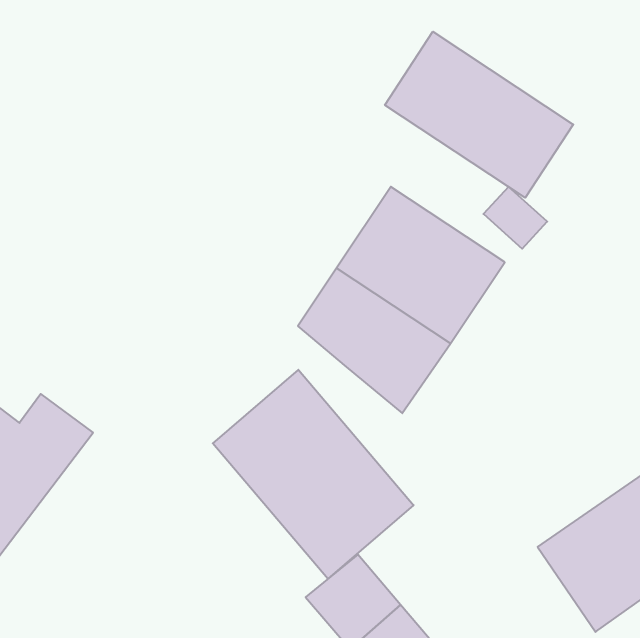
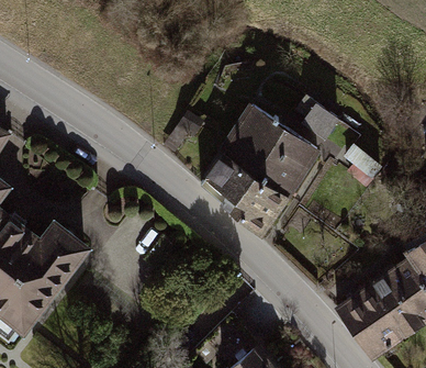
building: [385,32,573,198] -> none
building: [213,370,414,579] -> none

